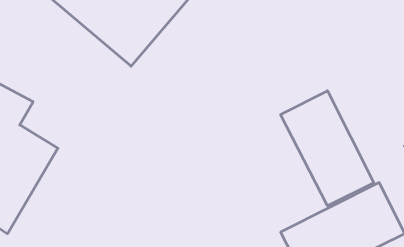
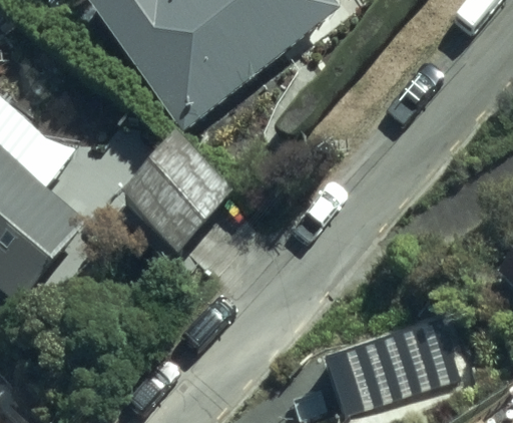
building: none -> [111,142,229,253]
building: [281,91,374,206] -> none

